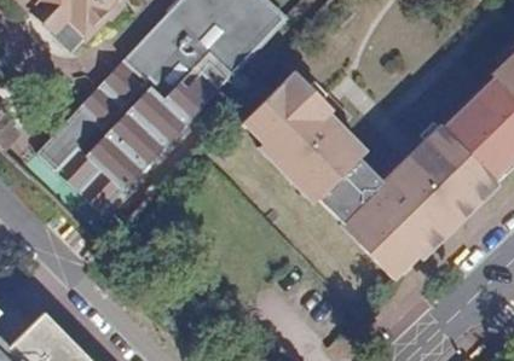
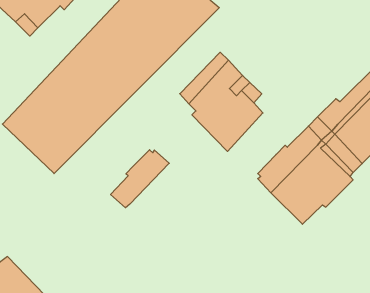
building: [306,142,375,215] -> none
building: none -> [111,150,169,208]

